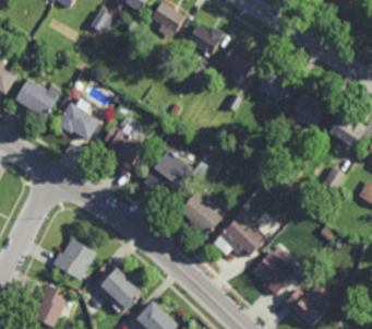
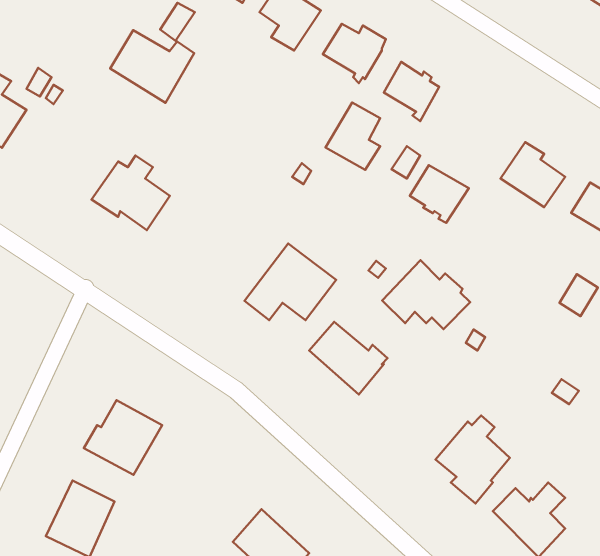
building: none -> [325,102,380,170]
building: [257,69,291,102] -> [410,165,469,223]
building: [14,78,62,119] -> [110,30,194,103]
building: [101,124,148,169] -> none
building: [214,220,264,259] -> [382,260,470,329]
building: [100,268,143,310] -> none

